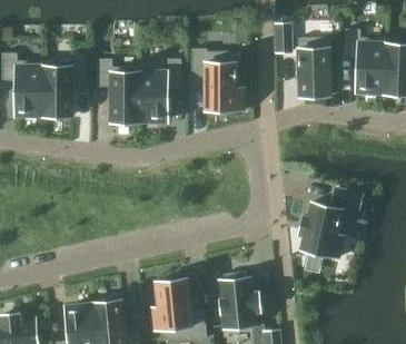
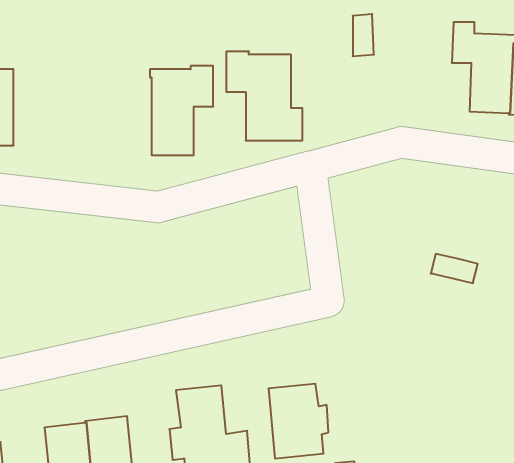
building: [298,38,331,97] -> none
building: [43,53,87,117] -> none
building: [98,60,140,122] -> none
building: [299,204,345,258] -> none

